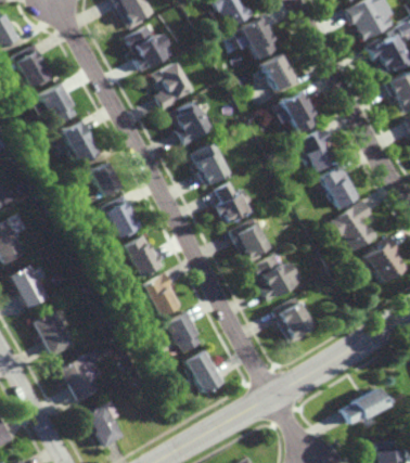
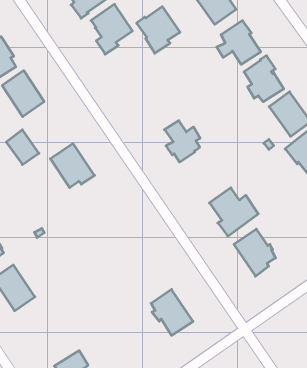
building: [168,100,210,145] -> [137,7,180,53]
building: [192,142,229,185] -> none
building: [88,162,119,196] -> [6,130,39,165]
building: [232,218,271,263] -> none
building: [121,235,163,278] -> none
building: [142,272,182,319] -> none
building: [159,311,203,353] -> none
building: [57,353,100,403] -> none

